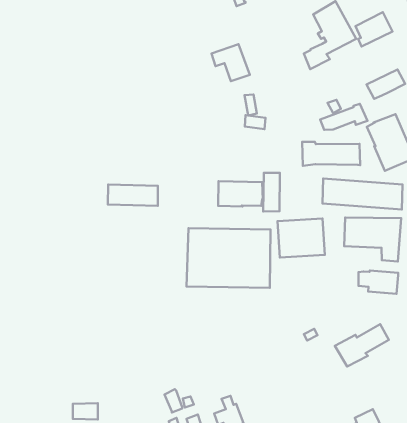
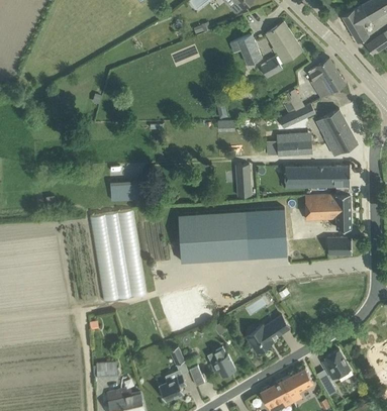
building: [355,12,392,47] -> [307,59,337,88]
building: [212,44,250,81] -> [229,34,262,65]
building: [218,181,263,206] -> none
building: none -> [90,209,146,300]
building: none -> [263,243,289,260]
building: [335,324,389,367] -> [246,316,289,352]

